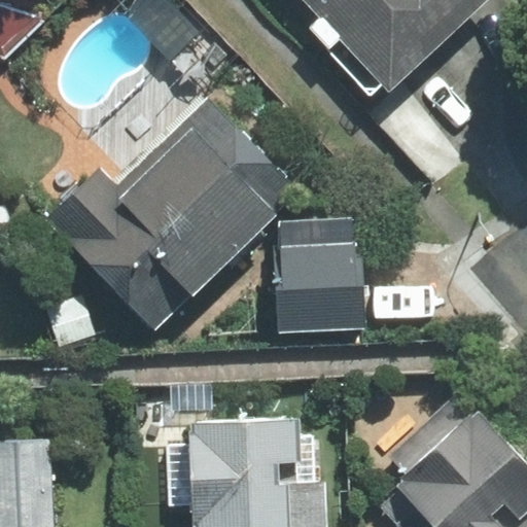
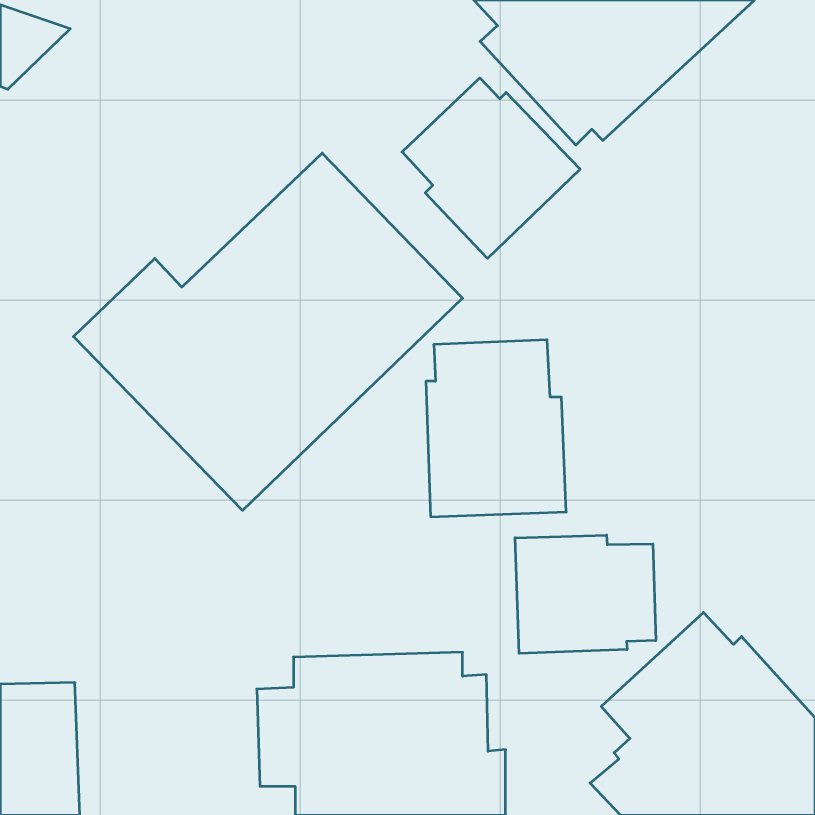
building: none -> [402,78,580,258]
building: none -> [515,535,656,653]

